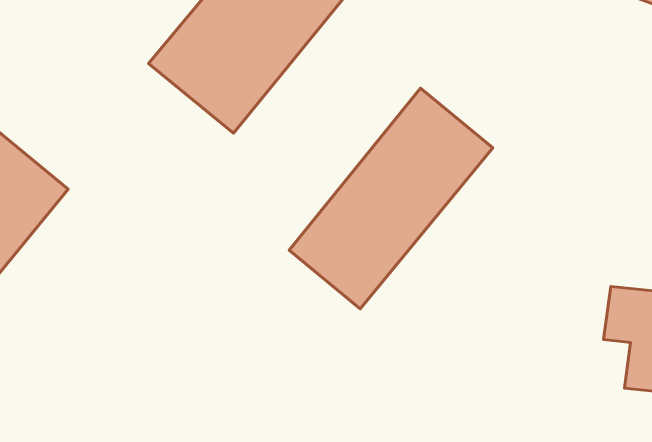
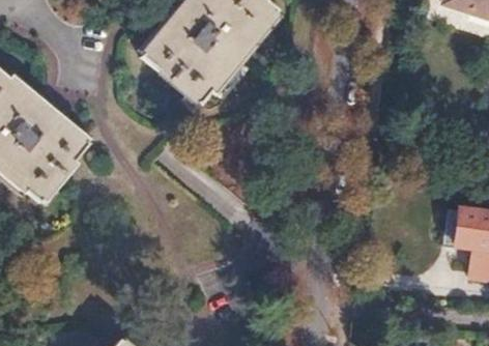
building: [289,88,493,309] -> none

